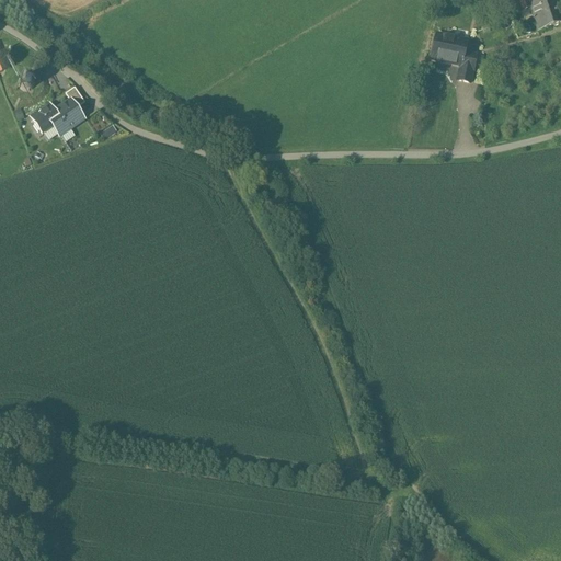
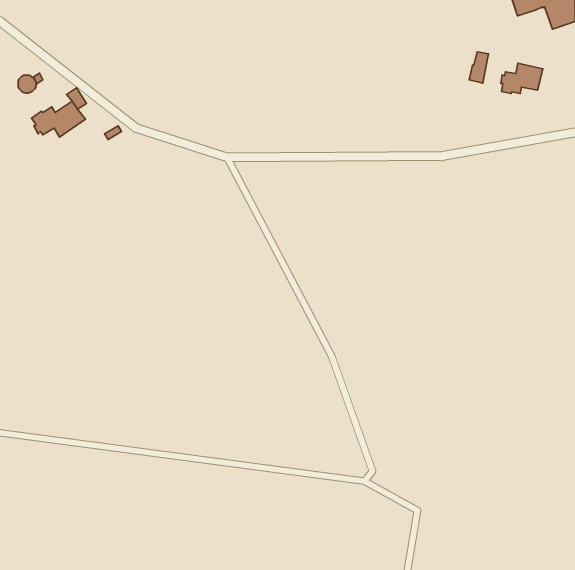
building: [431,32,467,64] -> none
building: none -> [501,63,543,93]

